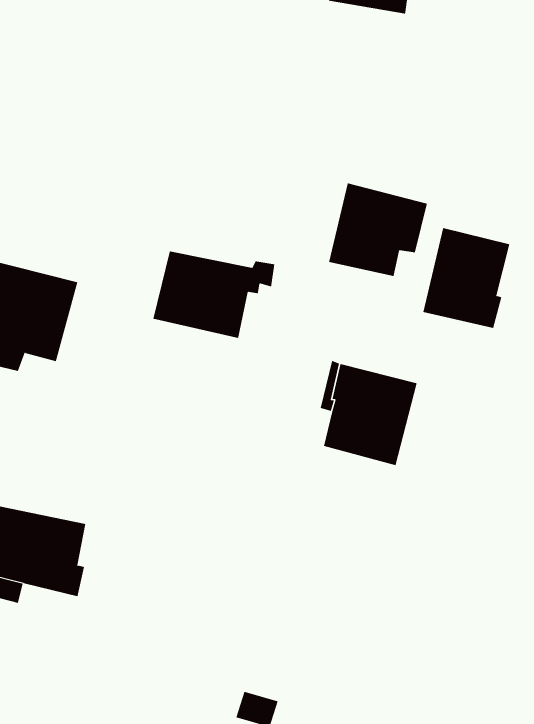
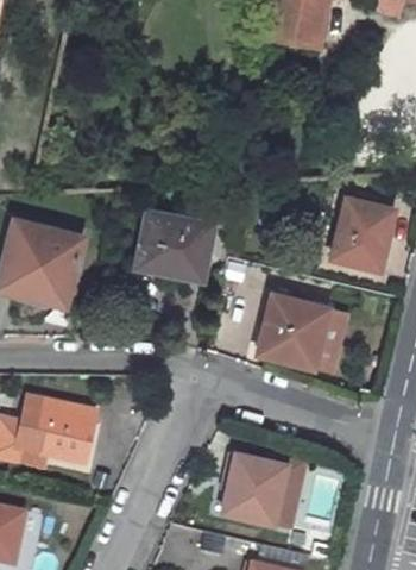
building: [329,183,427,277] -> none
building: none -> [223,449,290,520]

